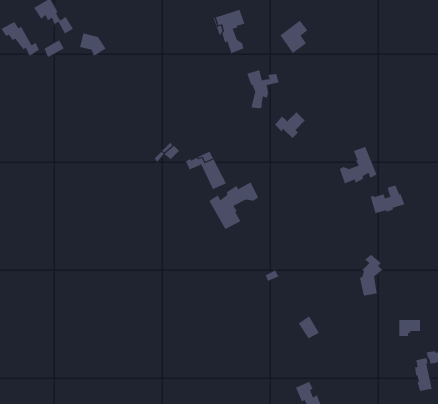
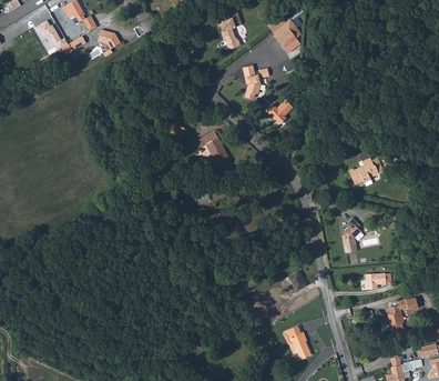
building: [339,146,377,184] -> none
building: [208,181,259,230] -> none

